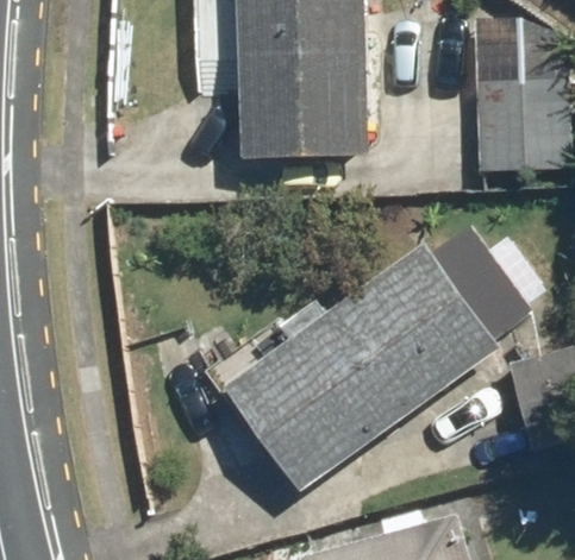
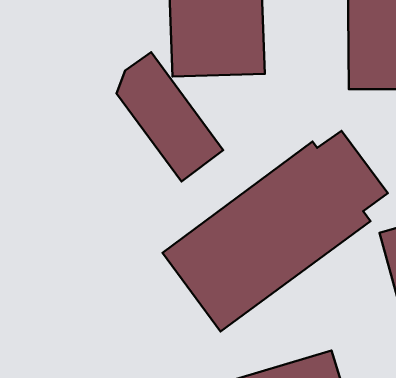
building: none -> [117,52,223,182]

